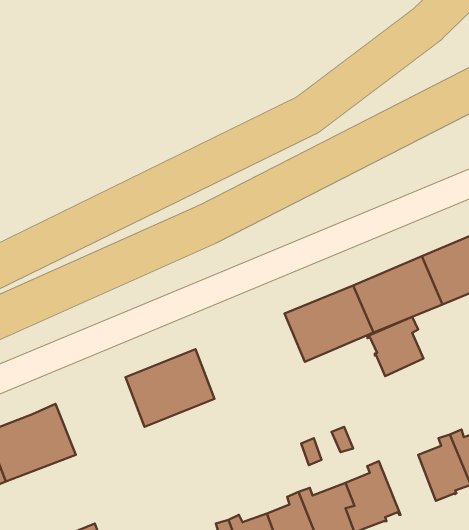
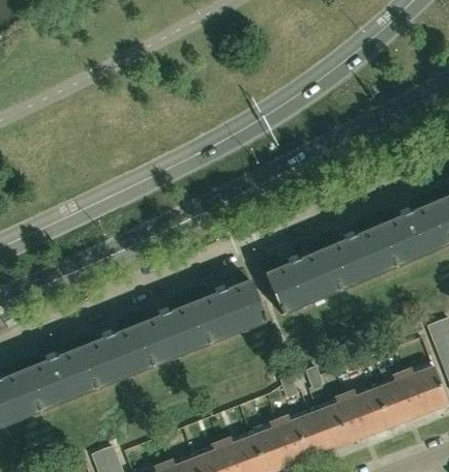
building: [367,317,424,376] -> none
building: none -> [193,281,266,343]
building: none -> [80,325,152,388]
building: none -> [342,388,389,437]

